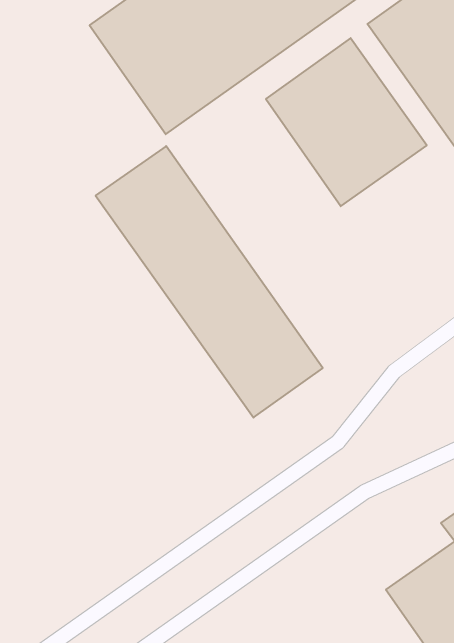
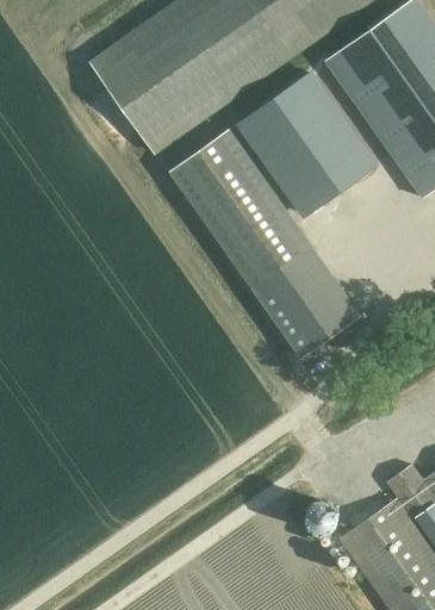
building: [96,146,323,418] -> [169,129,361,357]

